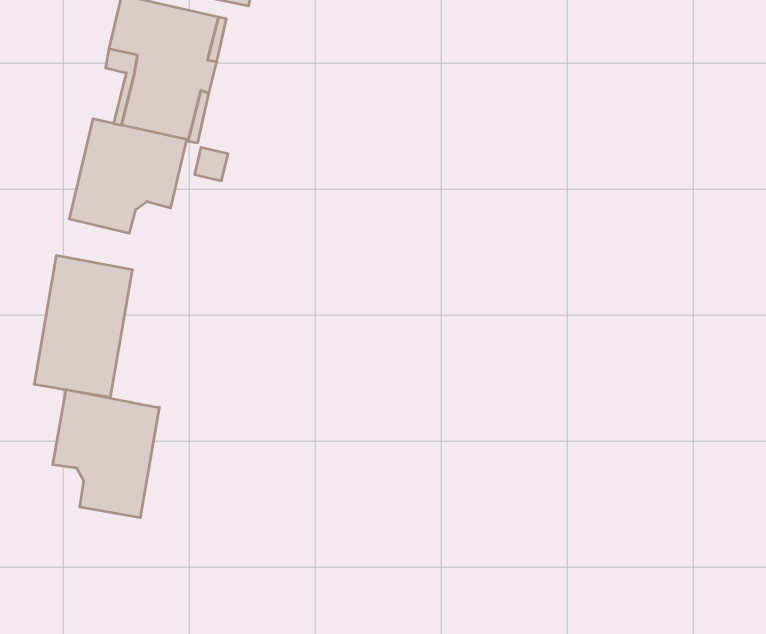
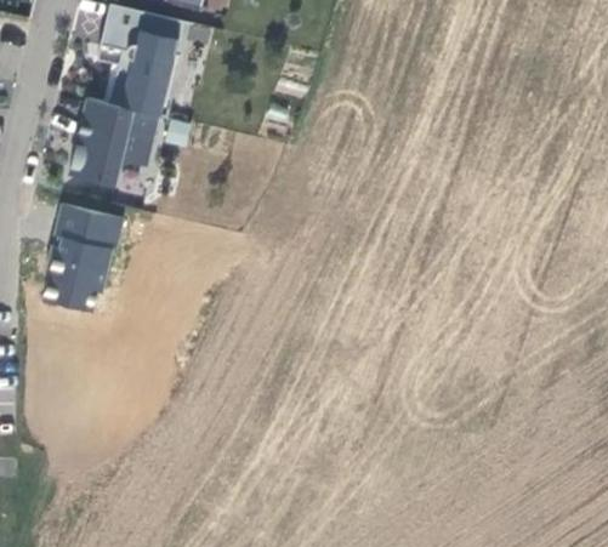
building: [53,390,159,518] -> none

